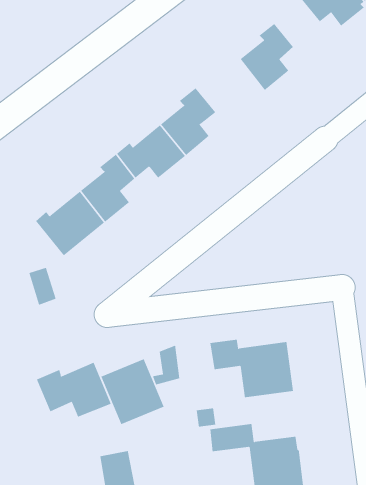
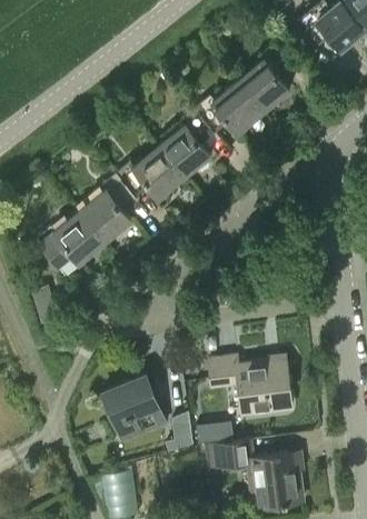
building: none -> [197,81,265,134]
building: [152,345,180,385] -> [166,412,194,452]
building: [36,362,112,417] -> none

